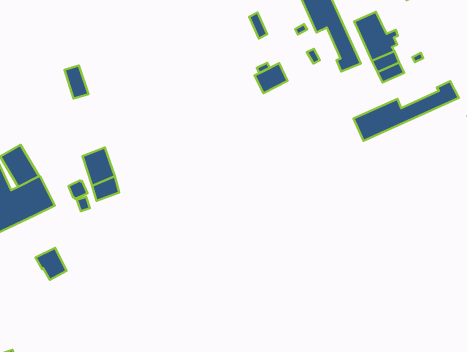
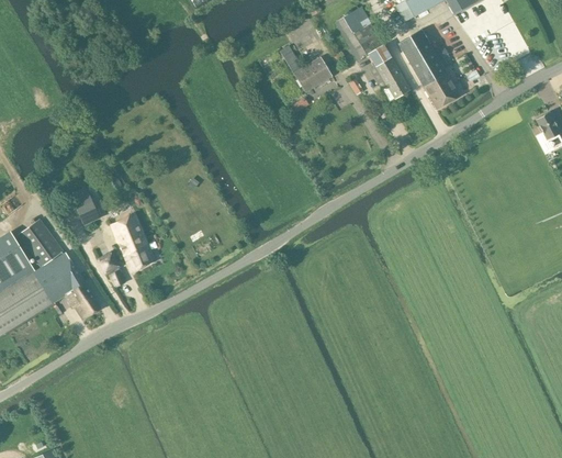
building: [254,63,287,93] -> [293,57,330,92]
building: [65,66,89,98] -> [70,188,100,225]
building: [354,81,459,141] -> none
building: [35,248,67,280] -> [64,283,100,320]

